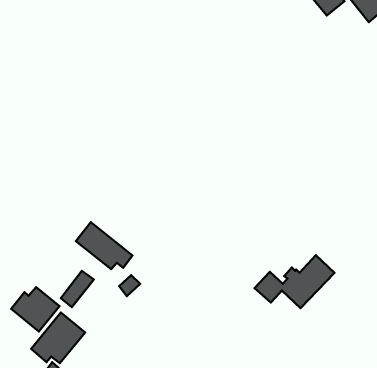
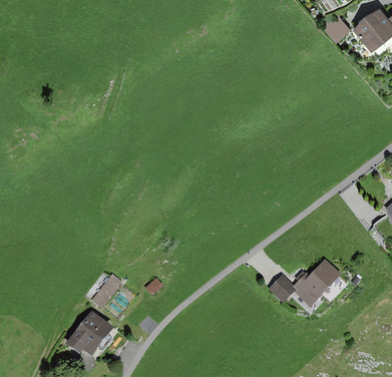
building: [76,222,132,269] -> none
building: [11,287,60,332] -> none

